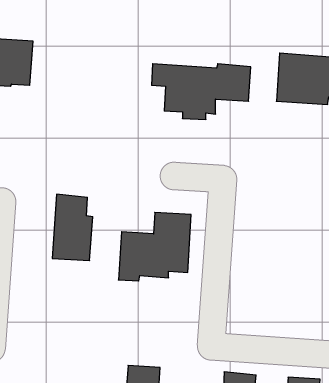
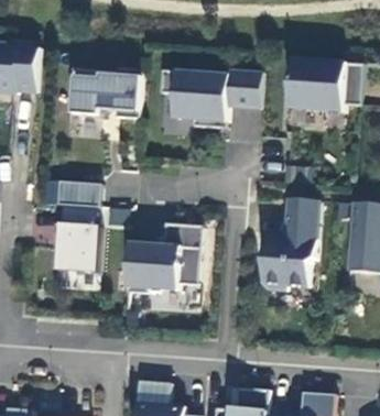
building: none -> [70,70,140,118]
building: none -> [57,180,100,207]
building: none -> [260,197,318,289]

